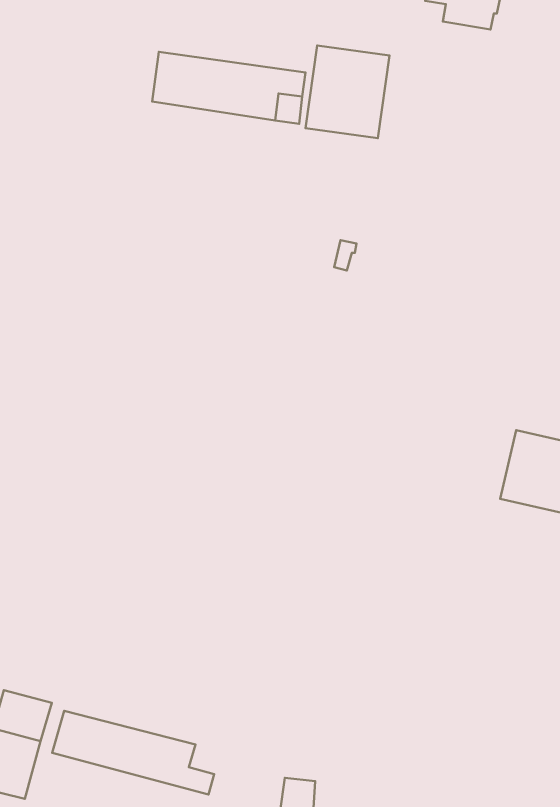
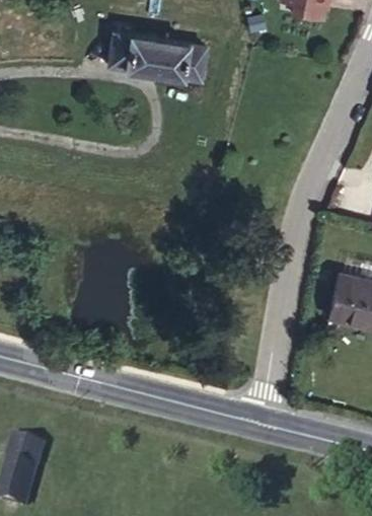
building: [305,46,390,138] -> none
building: [52,711,214,794] -> none

